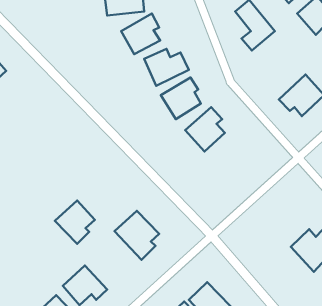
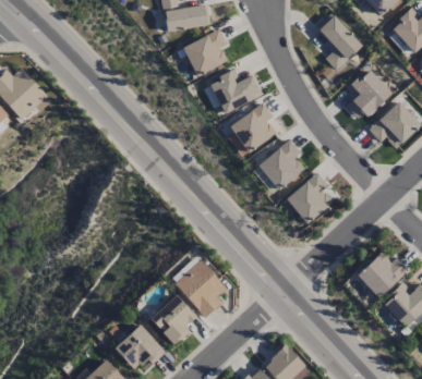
building: none -> [346,69,391,121]
building: none -> [278,172,334,231]
building: [55,200,95,244] -> [149,294,196,345]
building: none -> [355,250,408,298]

